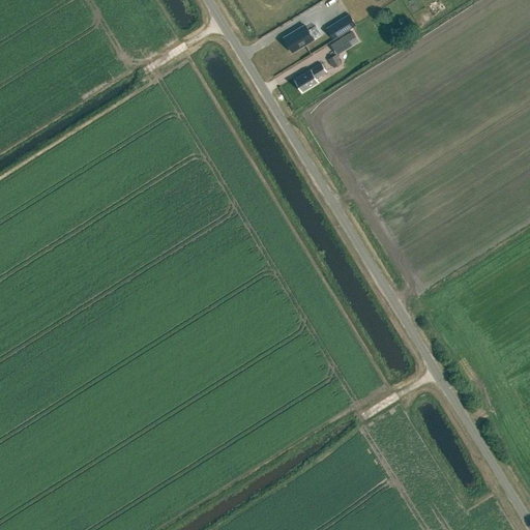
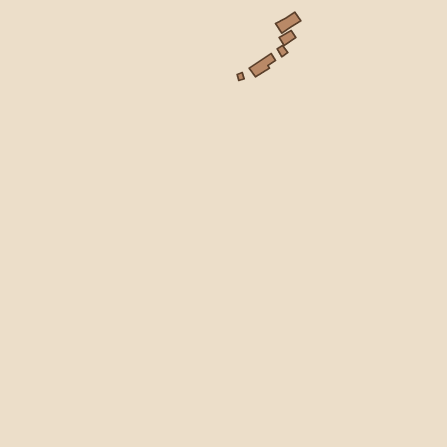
building: [284,25,314,52] -> none

